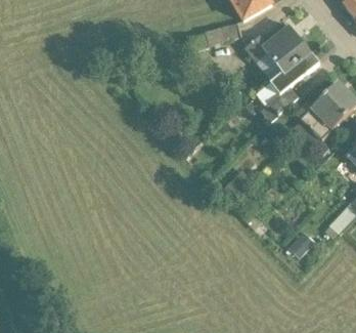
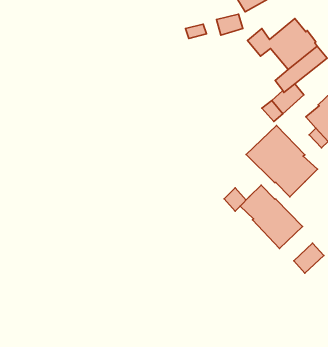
building: none -> [246,125,318,197]
building: none -> [240,185,303,248]

